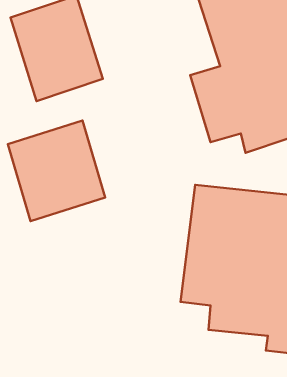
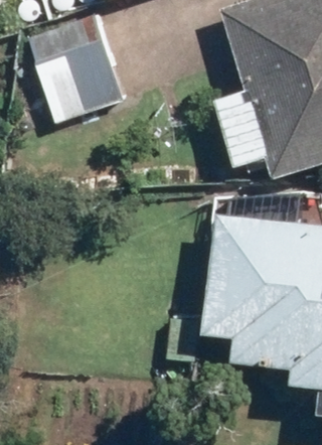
building: [8,121,105,221] -> none

